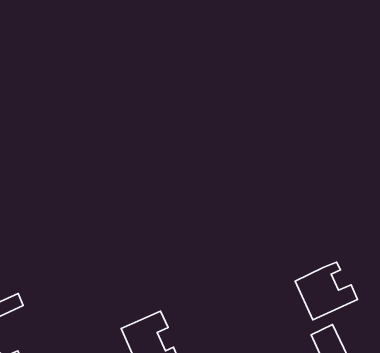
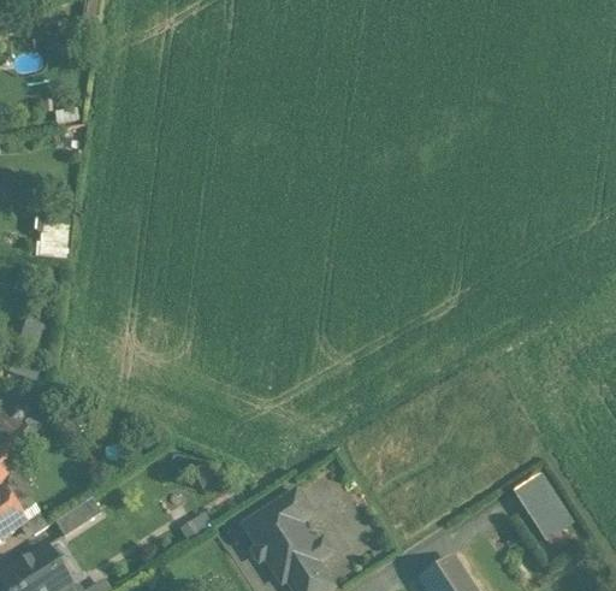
building: [295,262,358,320] -> none

